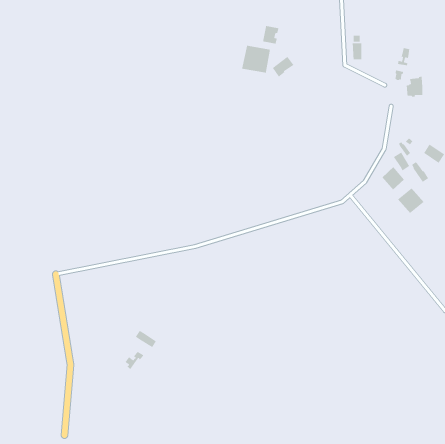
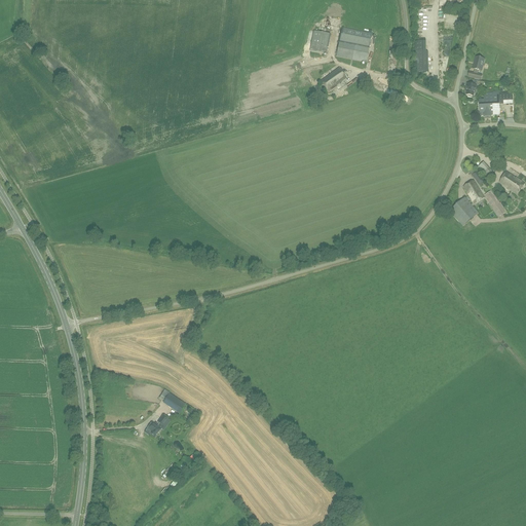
building: [241,45,271,74] -> [336,27,371,61]
building: [397,187,425,214] -> none

